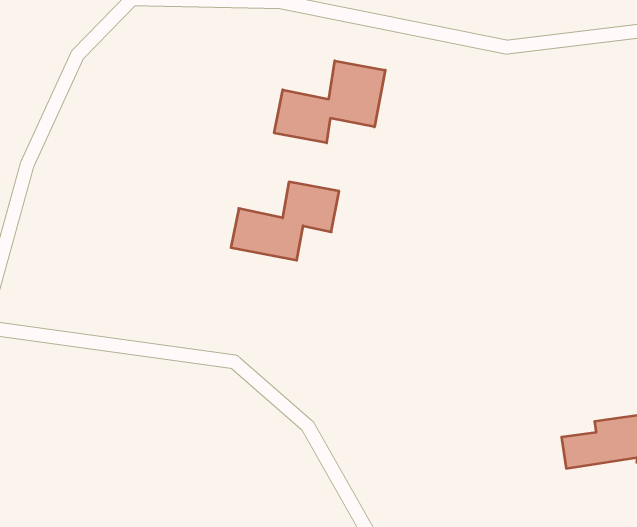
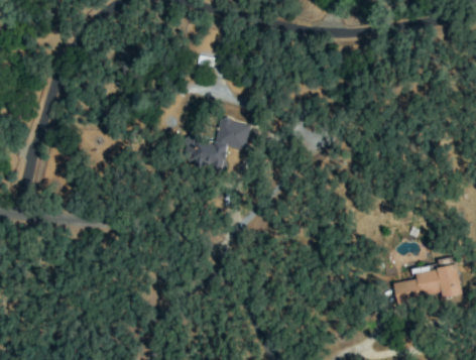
building: [274,61,385,143] -> none

